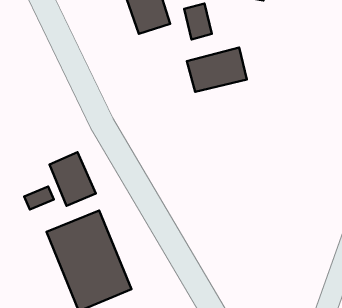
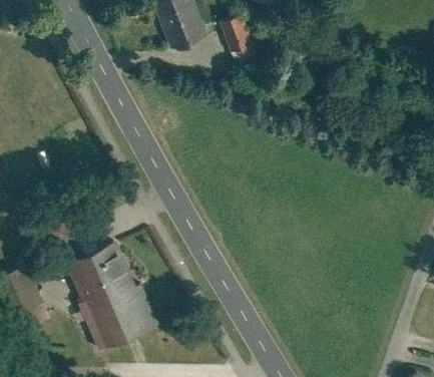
building: [187,48,247,92] -> none
building: [49,152,96,206] -> none

